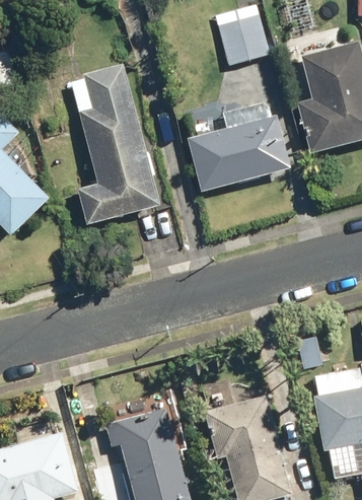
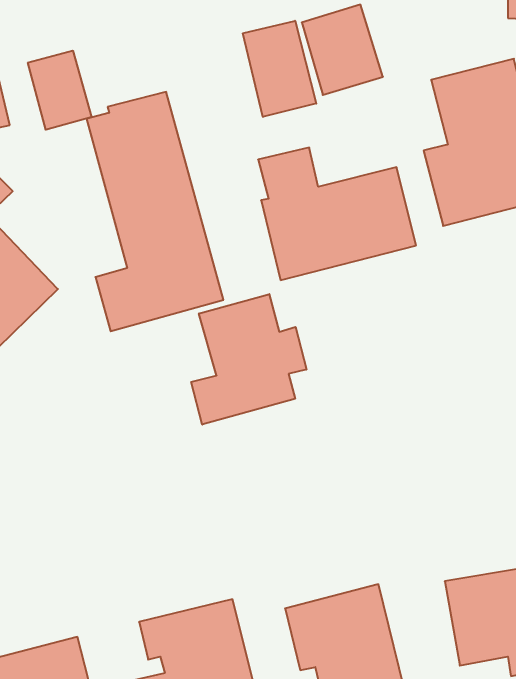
building: none -> [243,21,316,117]
building: none -> [28,51,91,130]
building: none -> [191,294,306,425]

